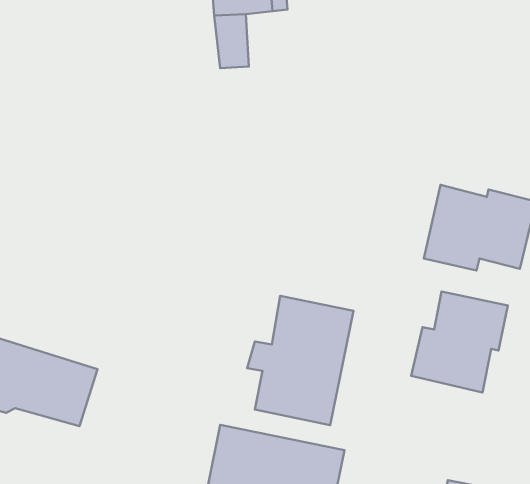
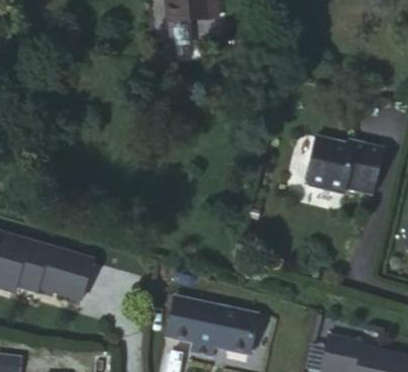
building: [411,292,508,393] -> none
building: [247,296,353,425] -> none

